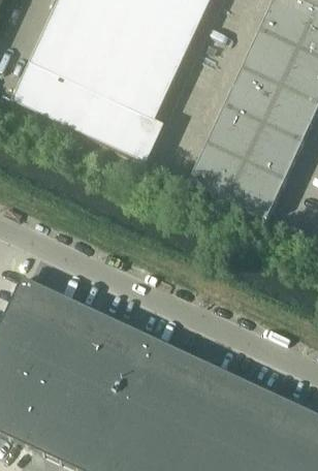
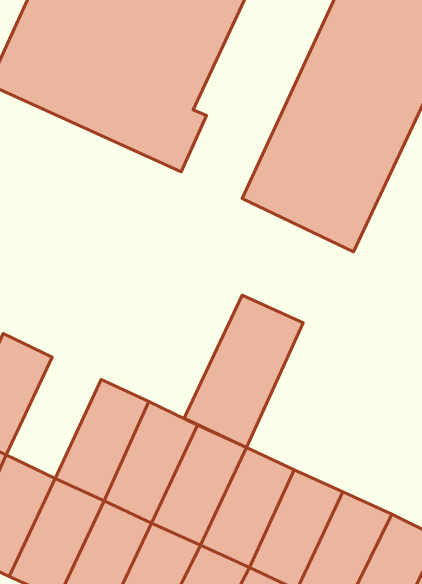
building: none -> [184,295,303,448]
building: [24,291,90,376] -> none

